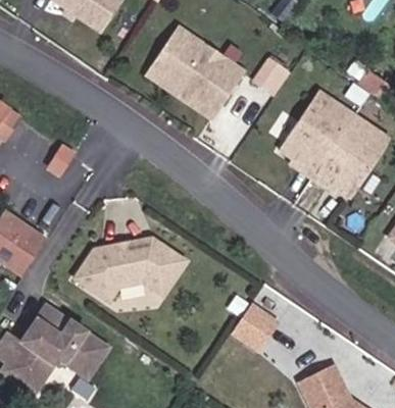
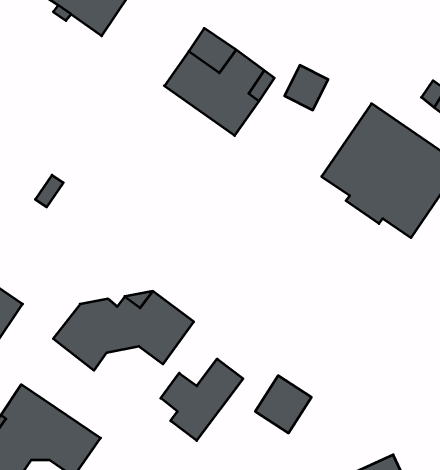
building: none -> [161,359,243,441]

